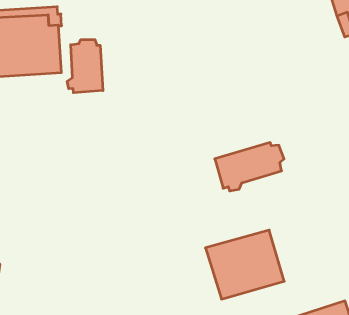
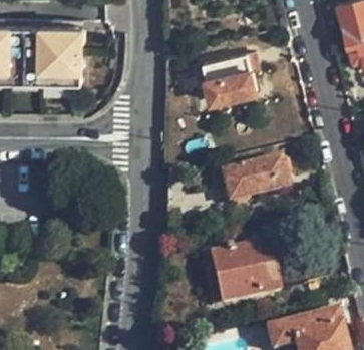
building: none -> [205,48,261,100]
building: [67,40,103,93] -> none

